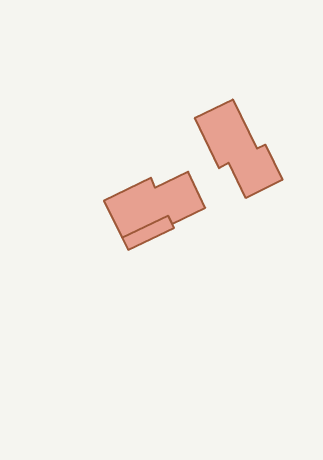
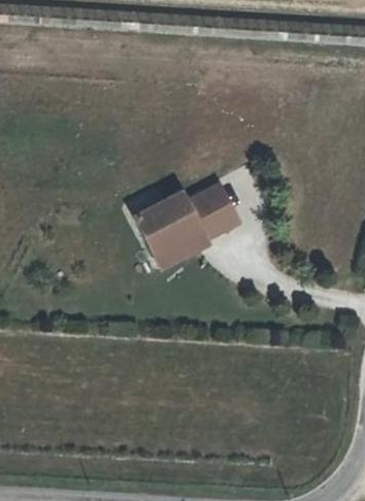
building: [195,99,282,198] -> none

